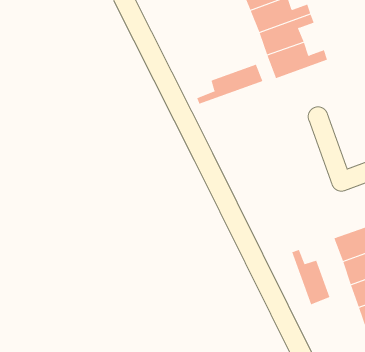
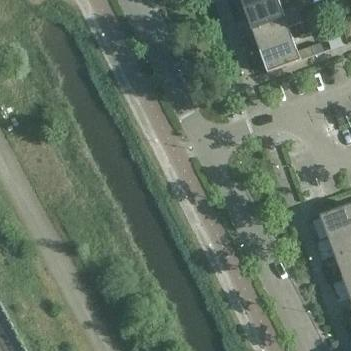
building: [197,64,263,105] -> none
building: [291,249,330,305] -> none

